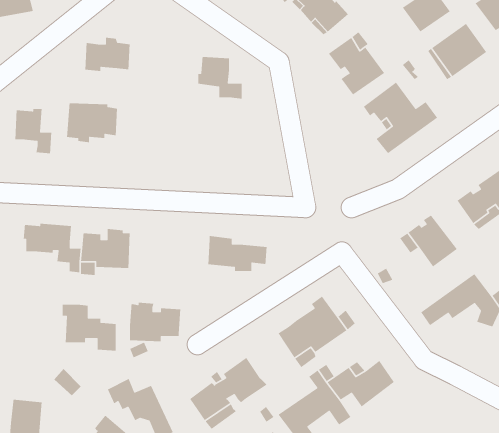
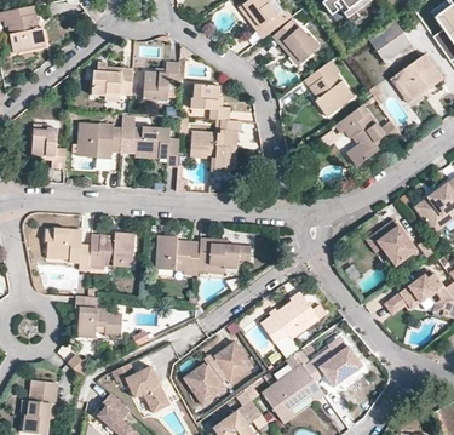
building: none -> [144,61,177,98]
building: none -> [191,119,241,171]
building: none -> [132,128,179,166]
building: [129,302,181,342] -> [155,235,200,270]

